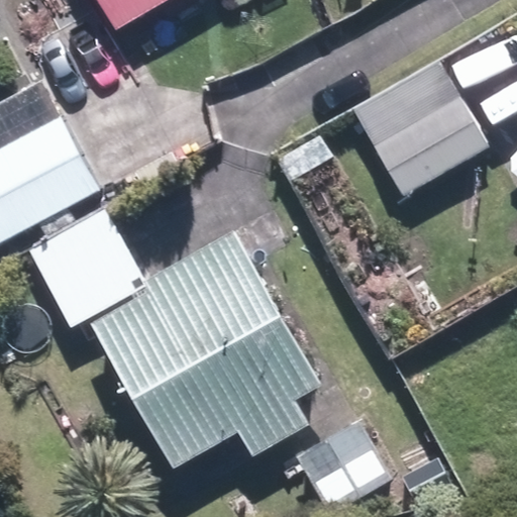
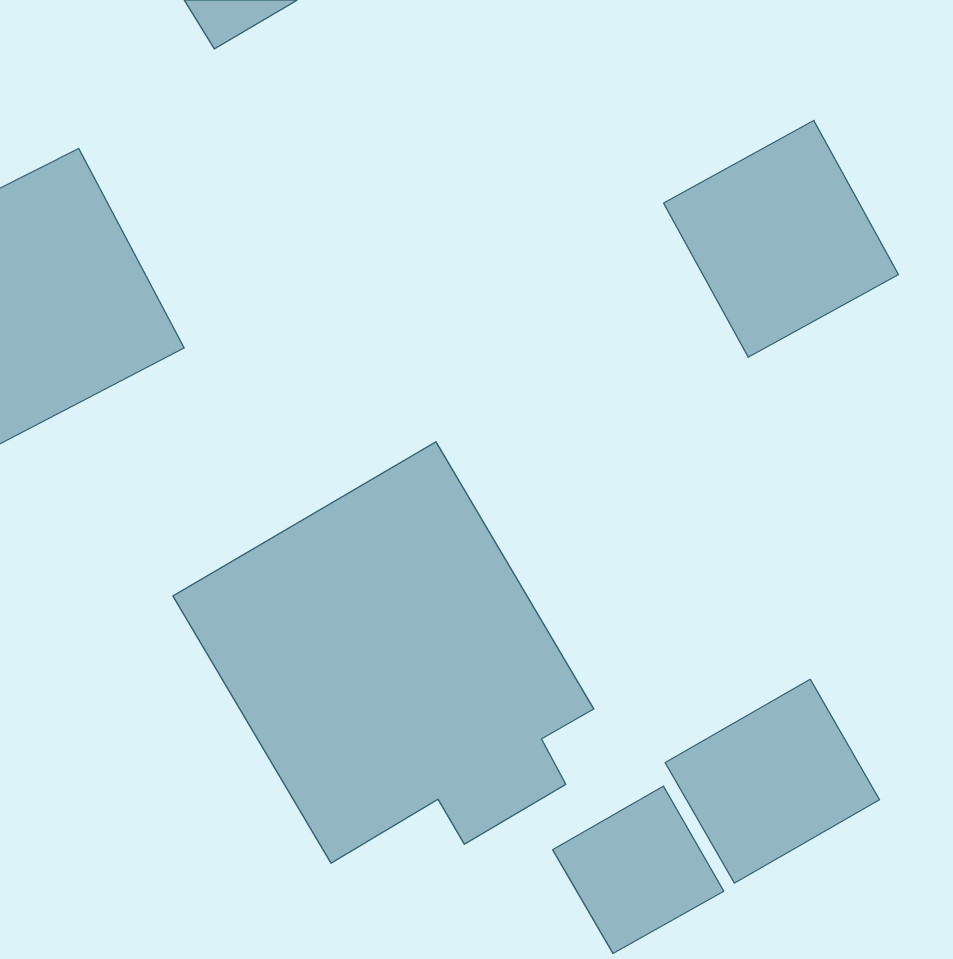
building: [30,211,144,324] -> none
building: none -> [665,679,879,883]

